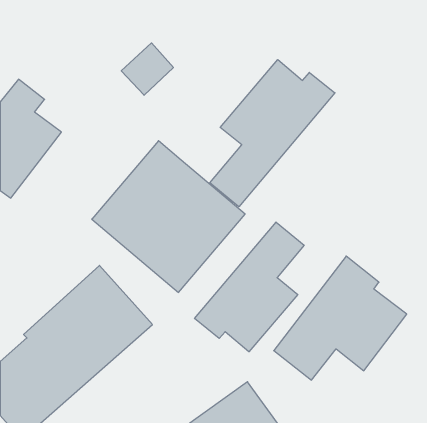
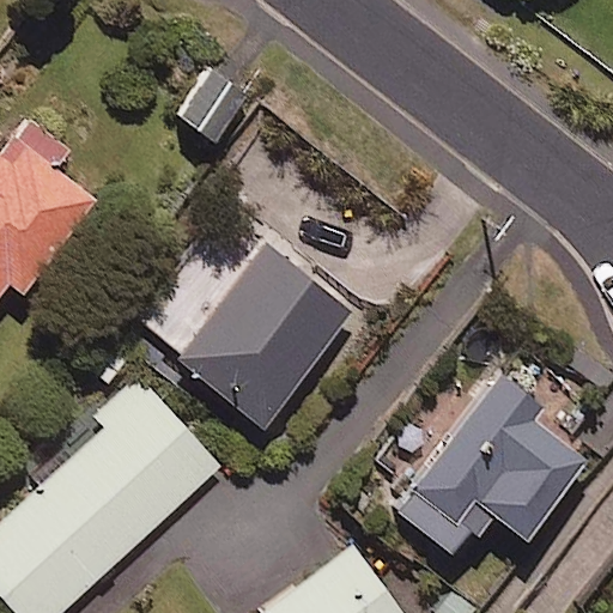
building: [210,60,335,207] -> none
building: [195,222,304,352] -> none

